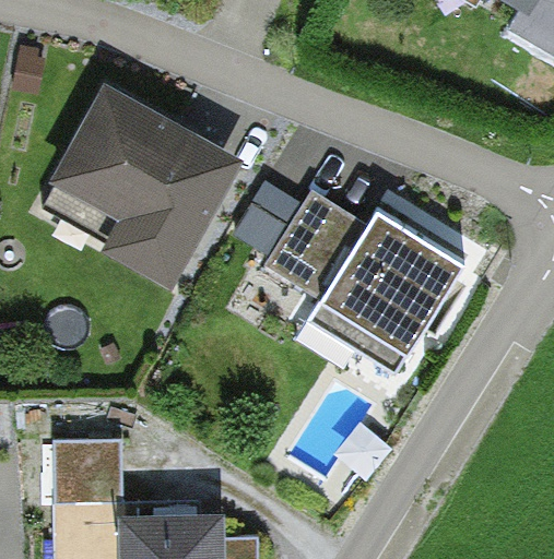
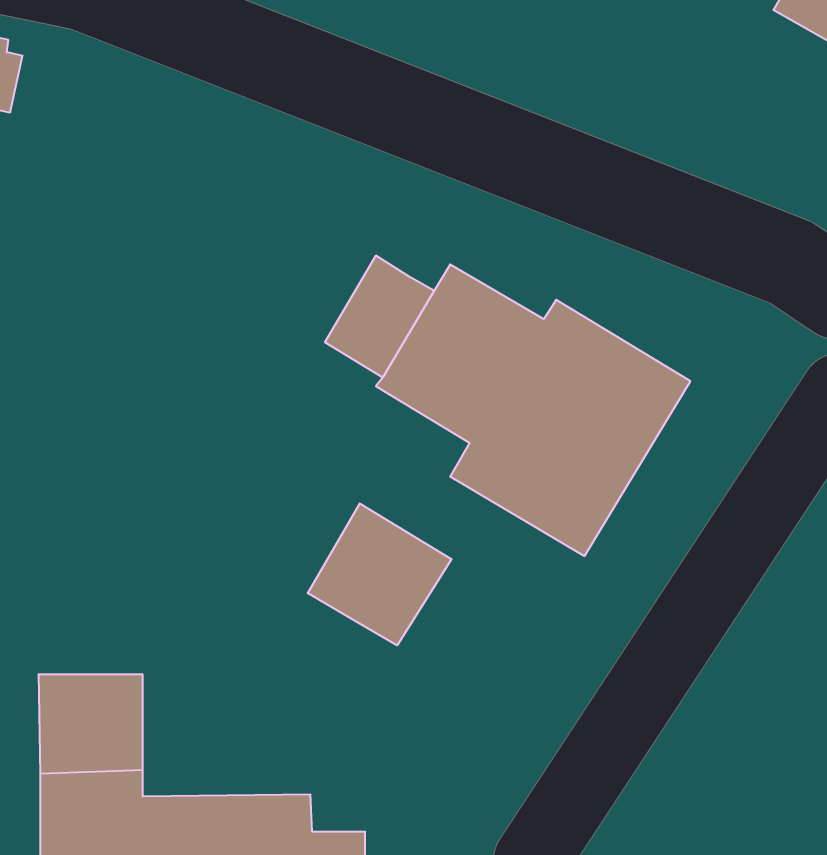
building: [45,91,240,289] -> none
building: none -> [308,503,452,645]

